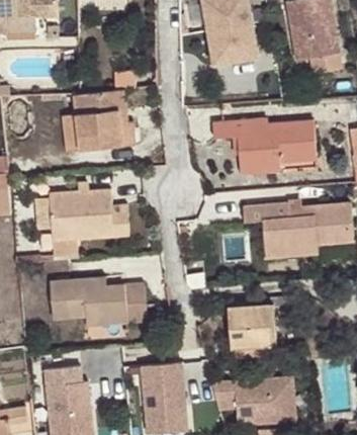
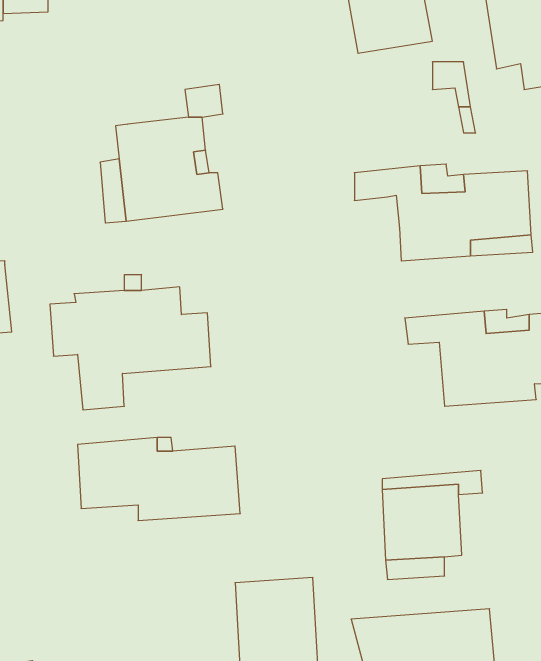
building: [51,365,90,404] -> none

